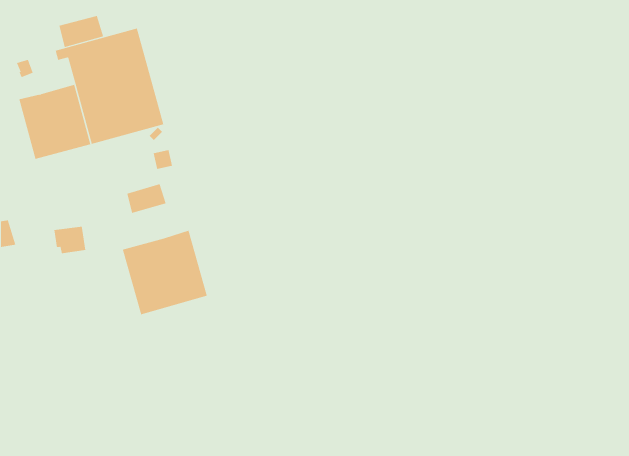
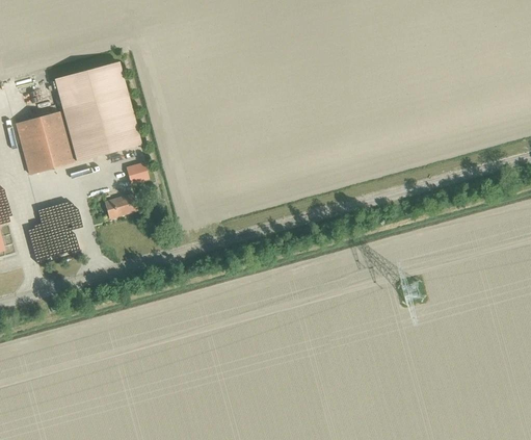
building: [59,15,104,48] -> none
building: [122,230,208,315] -> none

